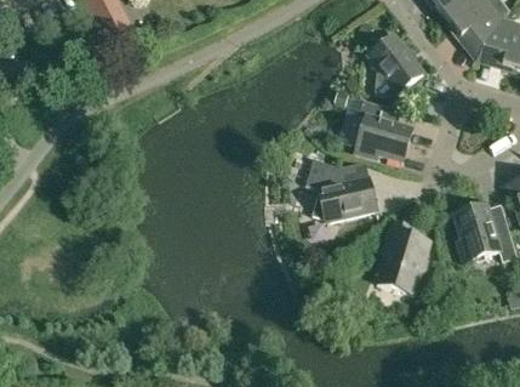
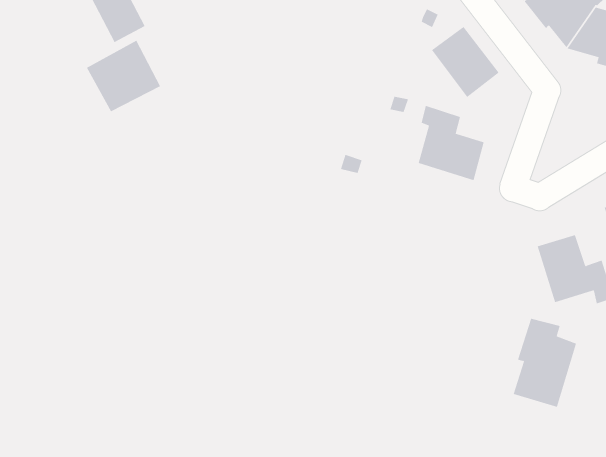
building: none -> [86,40,161,112]
building: [307,158,377,220] -> none
building: [378,220,430,292] -> [513,318,577,407]

